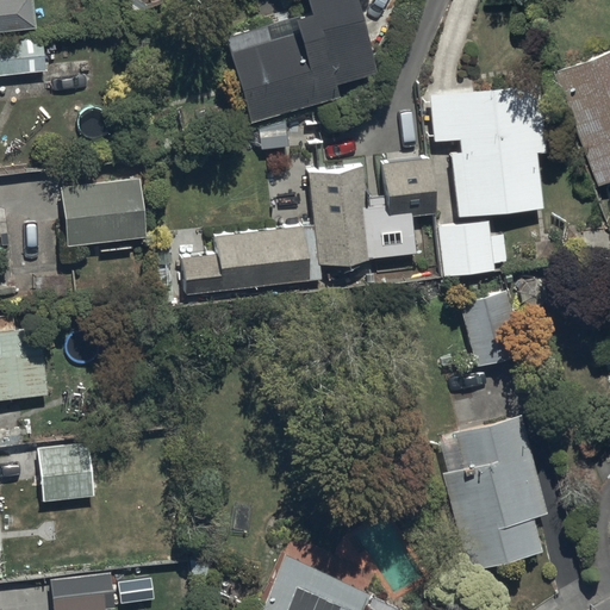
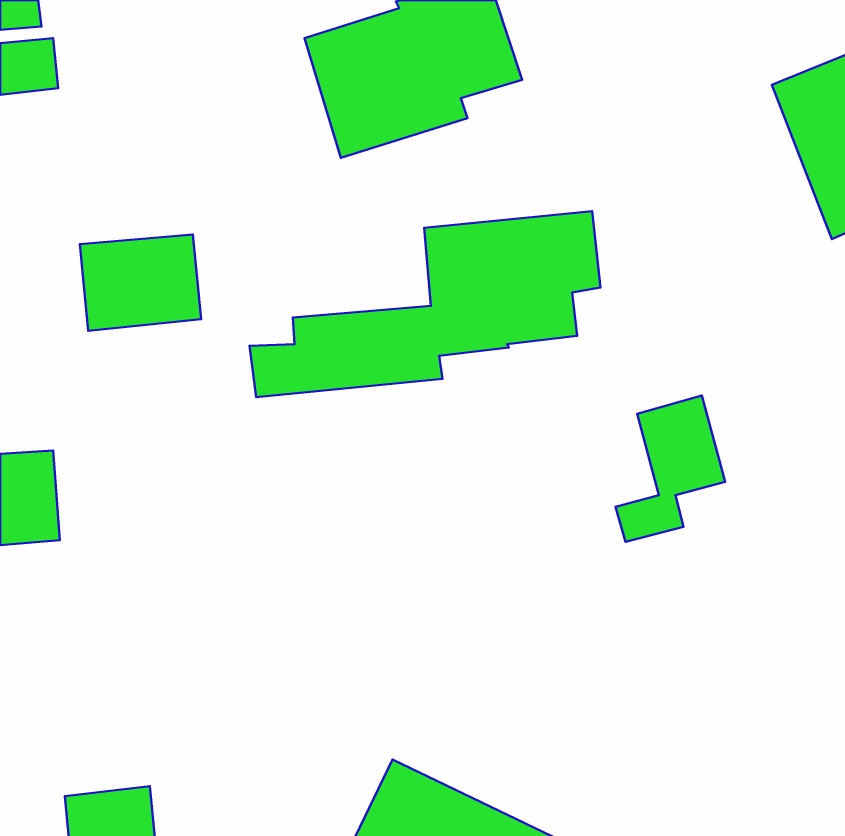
building: [430,89,546,276] -> none
building: [442,416,547,572] -> none
building: [37,446,94,506] -> none

